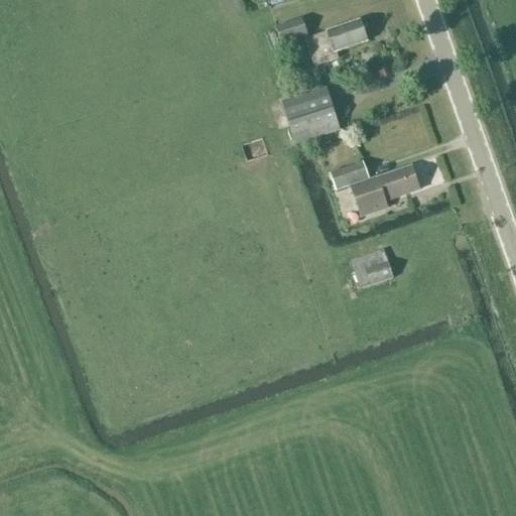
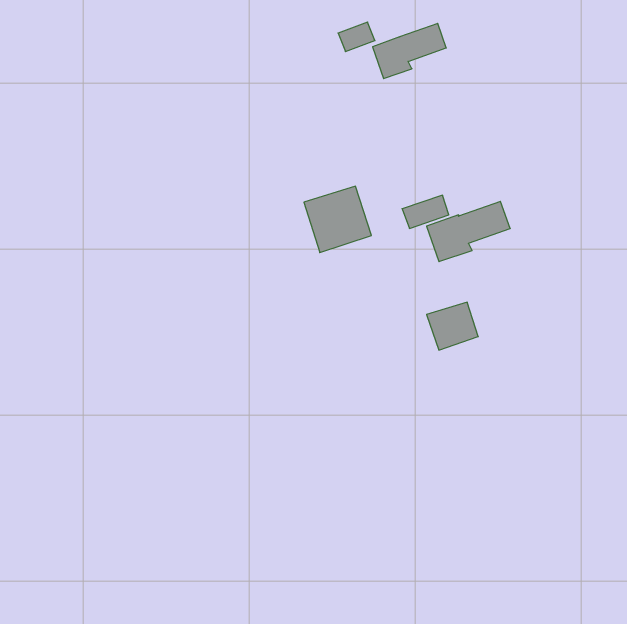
building: [283,88,339,142] -> [304,186,371,253]

